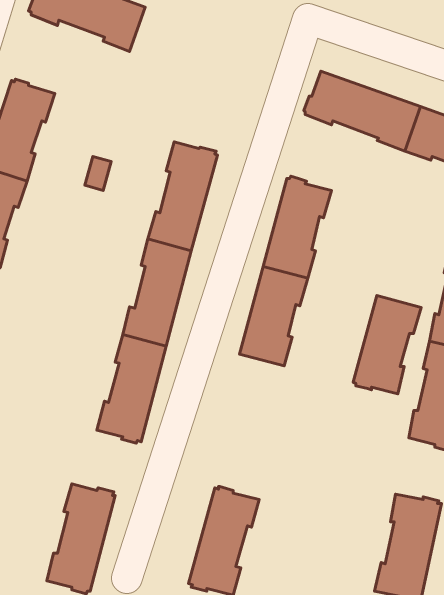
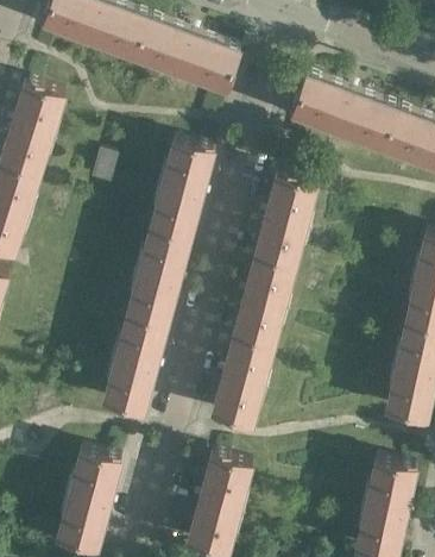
building: none -> [132,20,237,93]
building: [353,296,421,394] -> [210,336,272,425]

